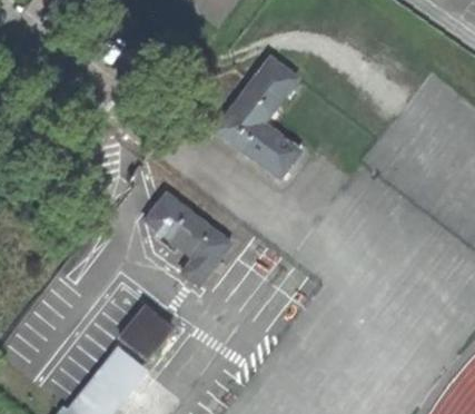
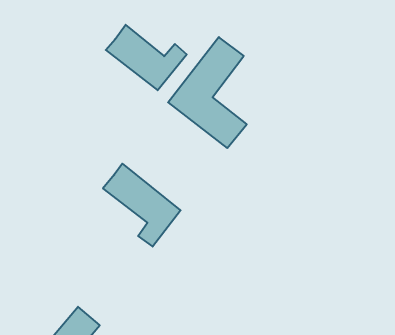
building: none -> [106,25,187,90]
building: [121,304,175,357] -> none

